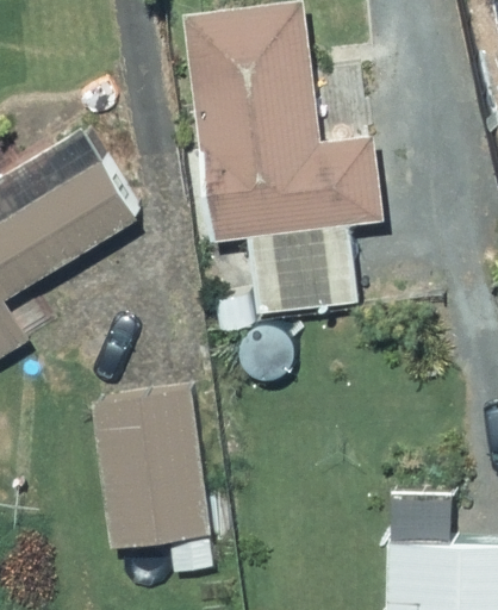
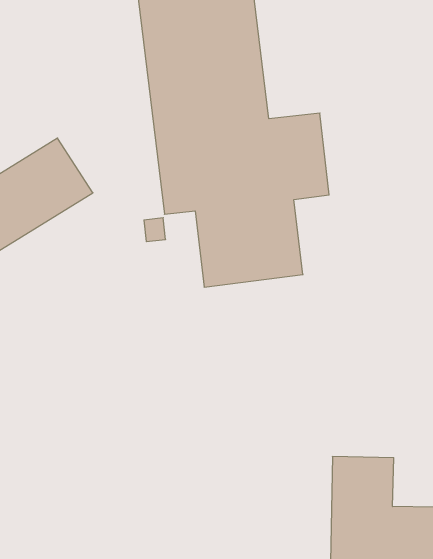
building: [93,390,212,575] -> none

